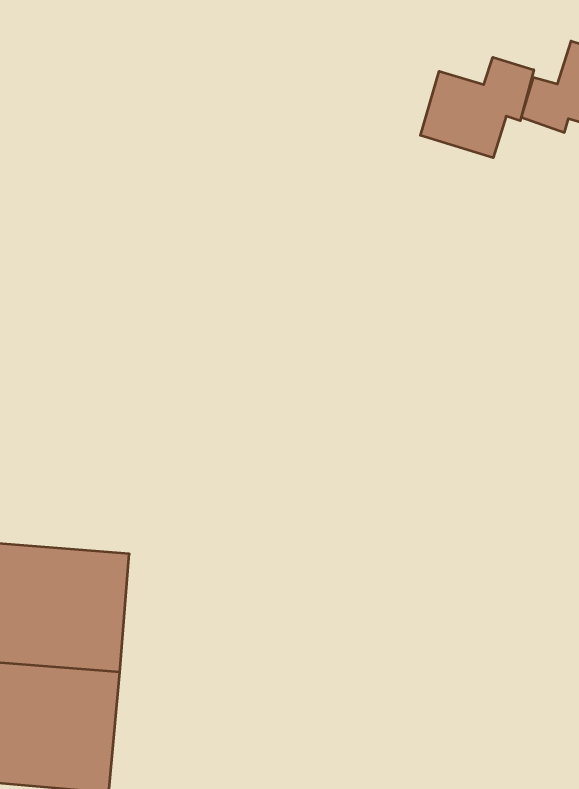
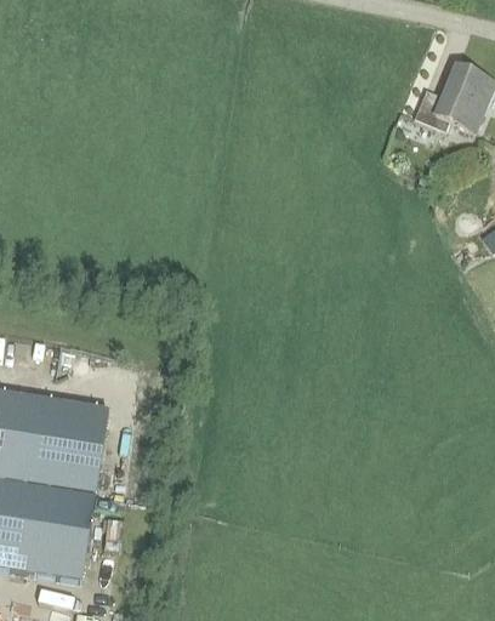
building: [420,57,534,158] -> none

